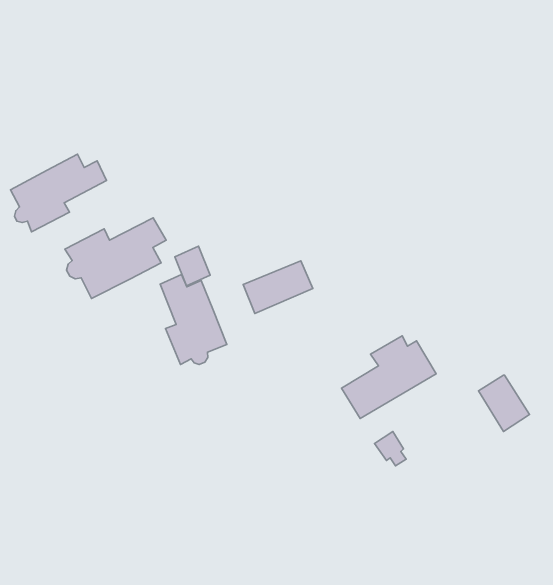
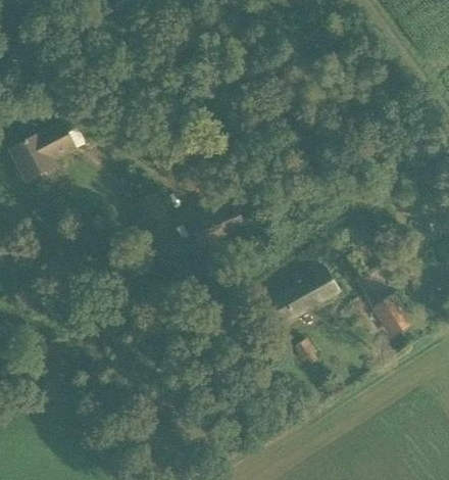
building: [65,218,166,299] -> none
building: [160,274,227,365] -> none

